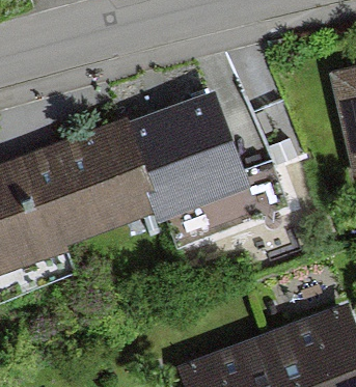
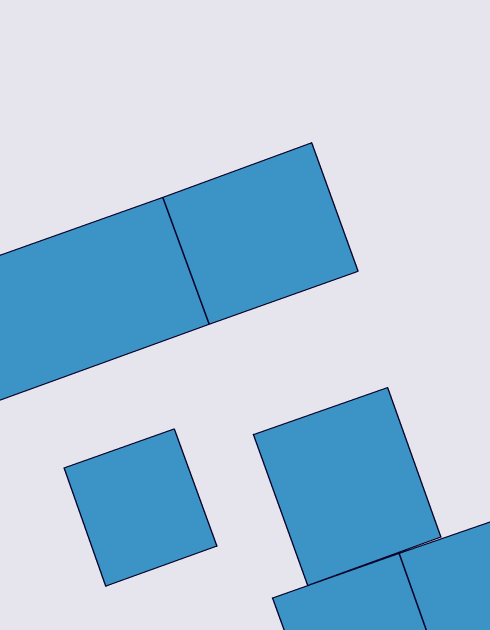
building: none -> [253,388,441,586]
building: none -> [64,429,217,586]

